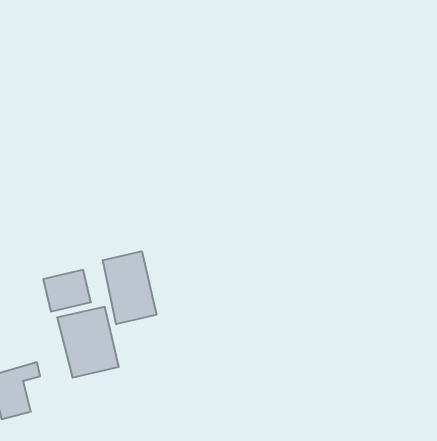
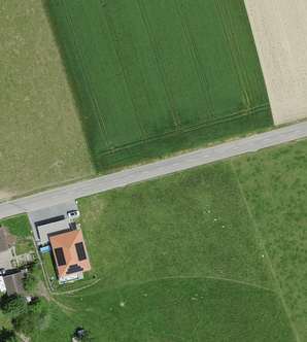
building: [103,251,156,324] -> none

